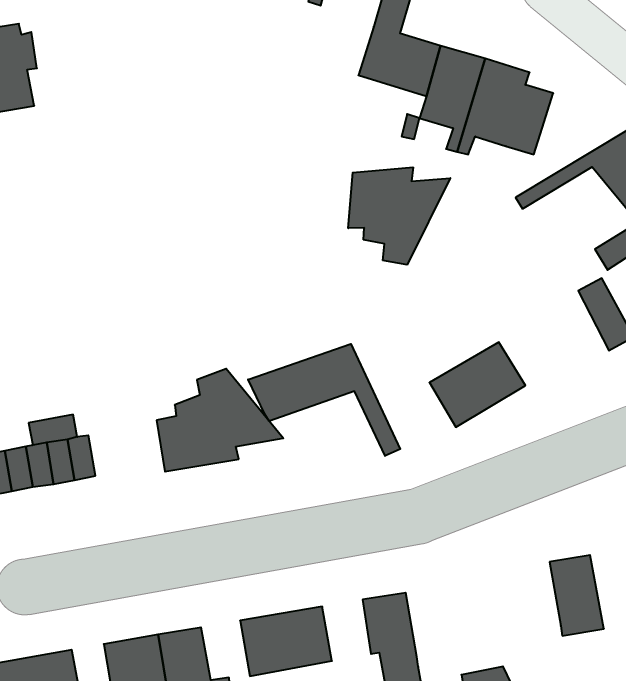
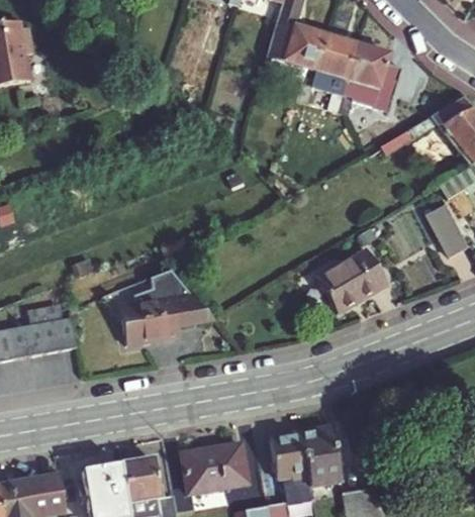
building: [348,167,450,265] -> none
building: [248,344,400,456] -> none
building: [550,555,604,636] -> [301,427,341,486]

